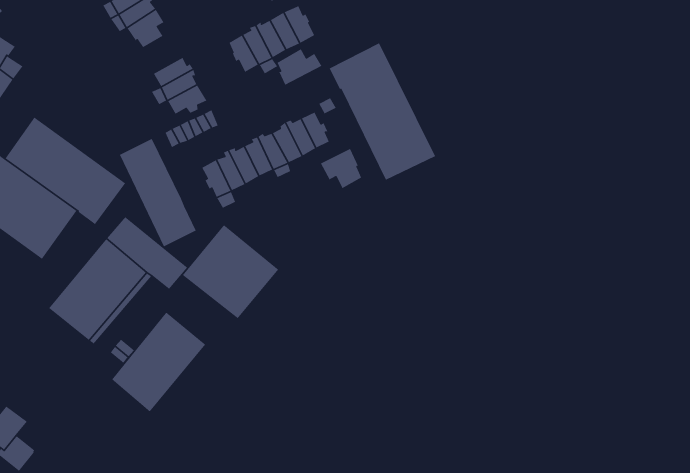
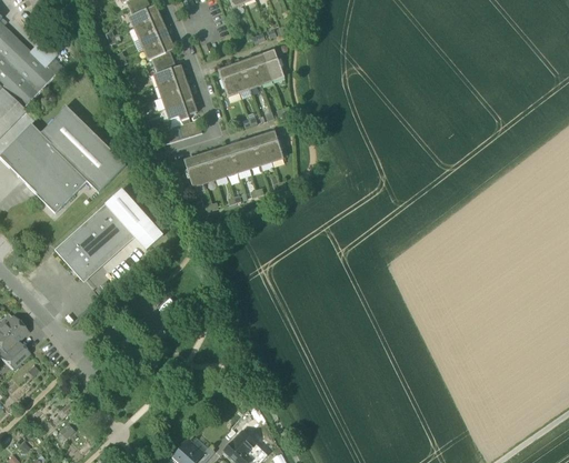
building: none -> [154,59,183,85]
building: [329,42,436,181] -> none
building: [276,48,322,86] -> none
building: [119,138,197,248] -> none
building: [320,148,362,189] -> none
building: [182,224,279,319] -> none
building: [111,312,206,413] -> none

